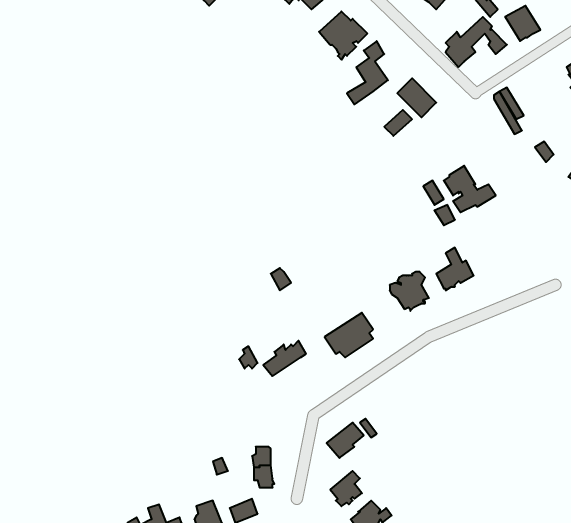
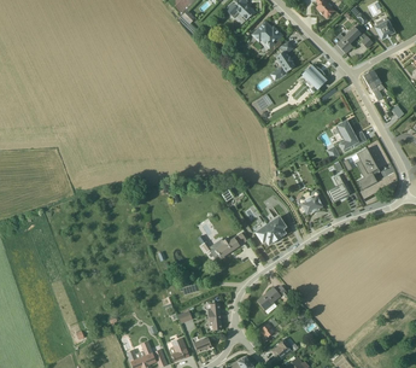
building: none -> [355,148,377,189]

